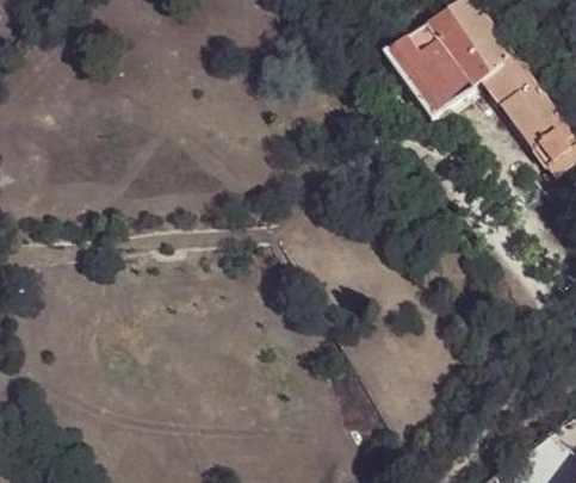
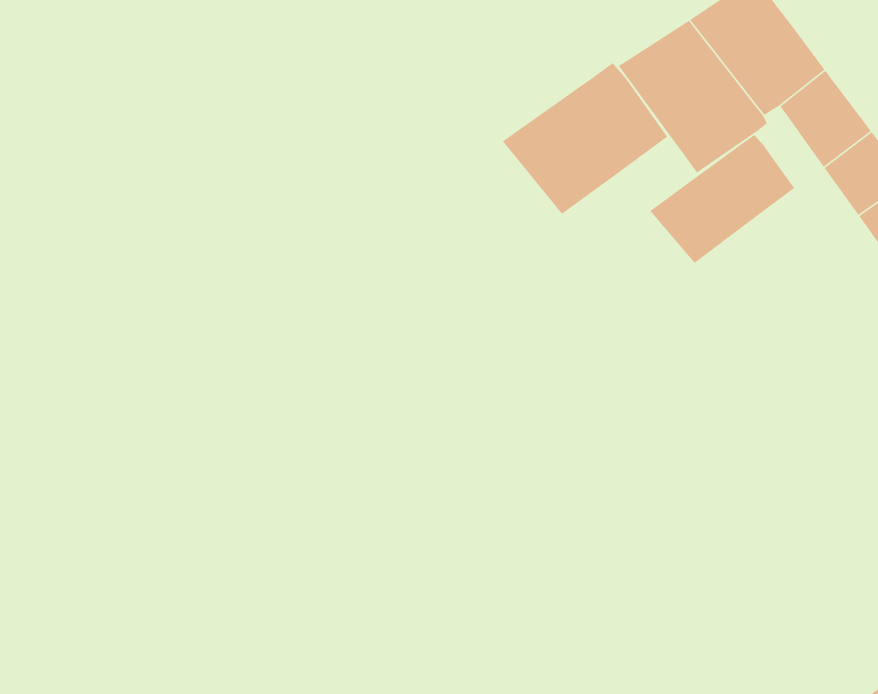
building: none -> [502,62,668,215]
building: none -> [649,134,795,264]

